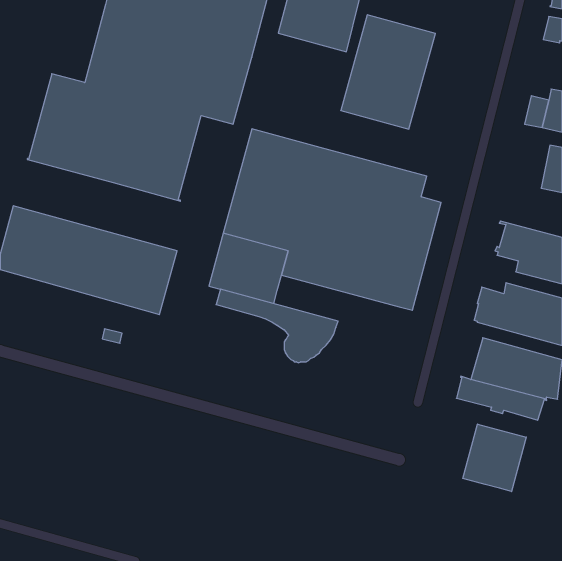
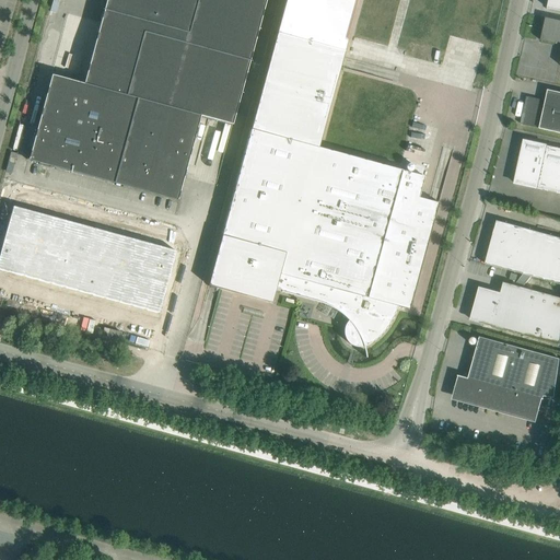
building: [341,15,435,129] -> [250,33,345,147]
building: none -> [515,140,547,187]
building: [216,289,338,363] -> [276,273,397,347]
building: [463,424,526,492] -> none

